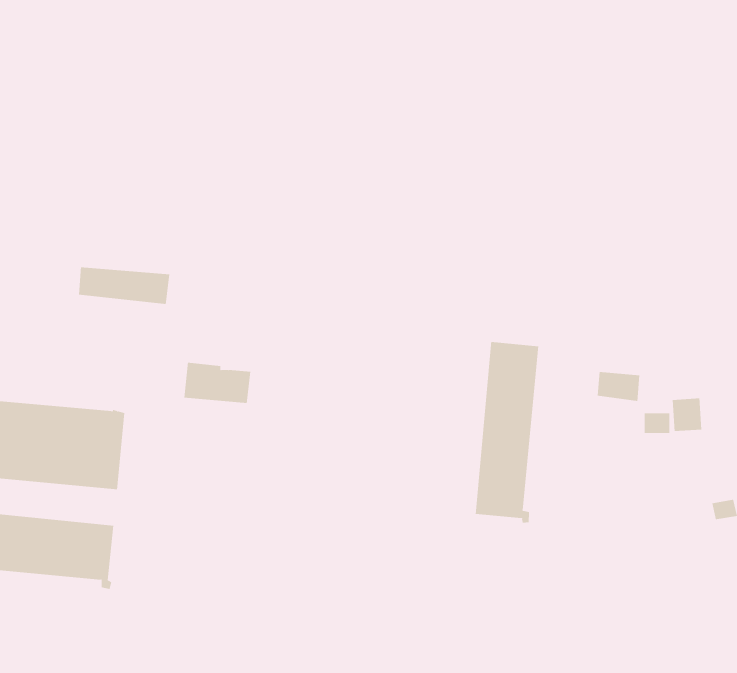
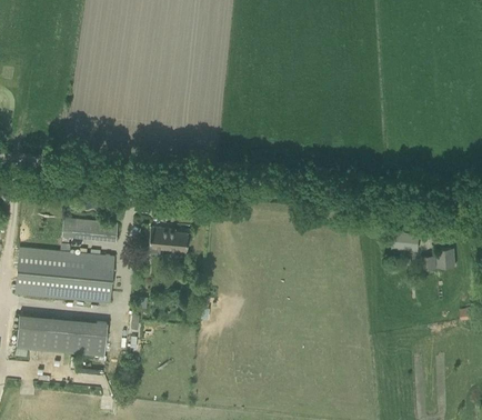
building: [78,267,170,304] -> [62,219,117,241]
building: [475,341,539,523] -> none

